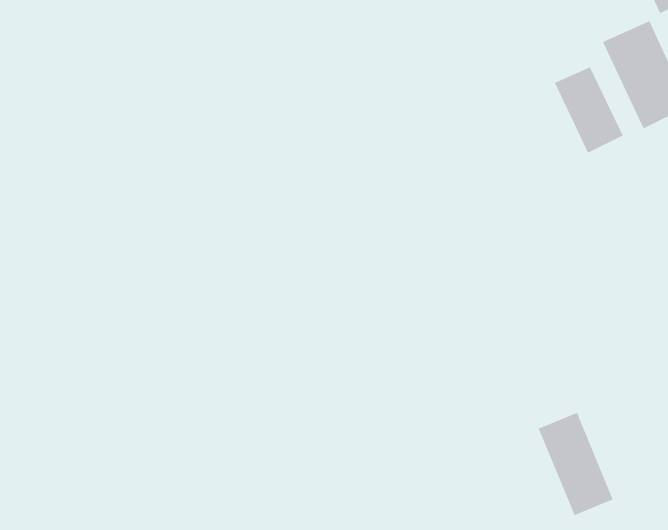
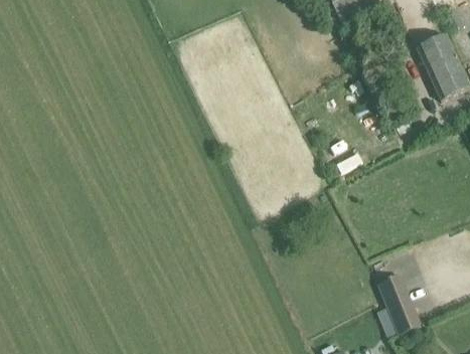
building: [554,67,623,154] -> none

